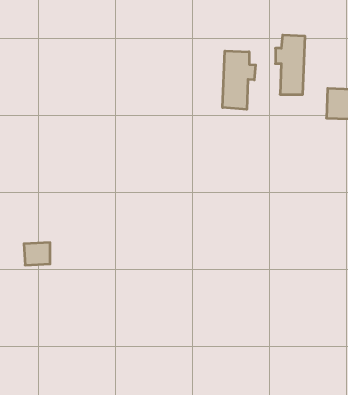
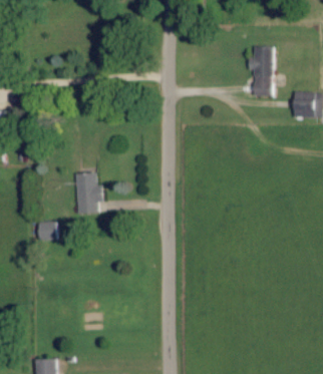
building: [223,51,256,109] -> none
building: none -> [74,172,103,214]

